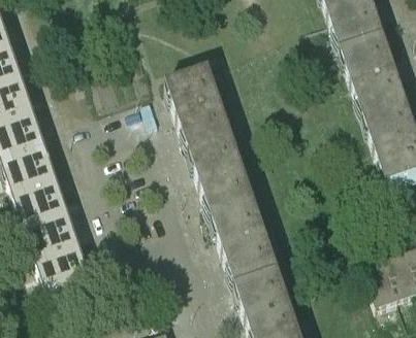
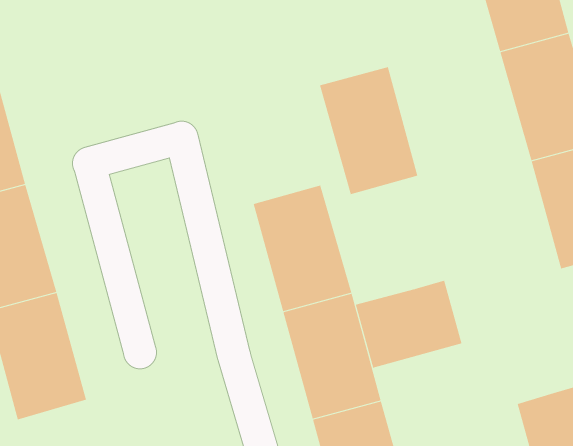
building: [165,69,231,151] -> [319,66,418,195]
building: none -> [355,280,462,368]

